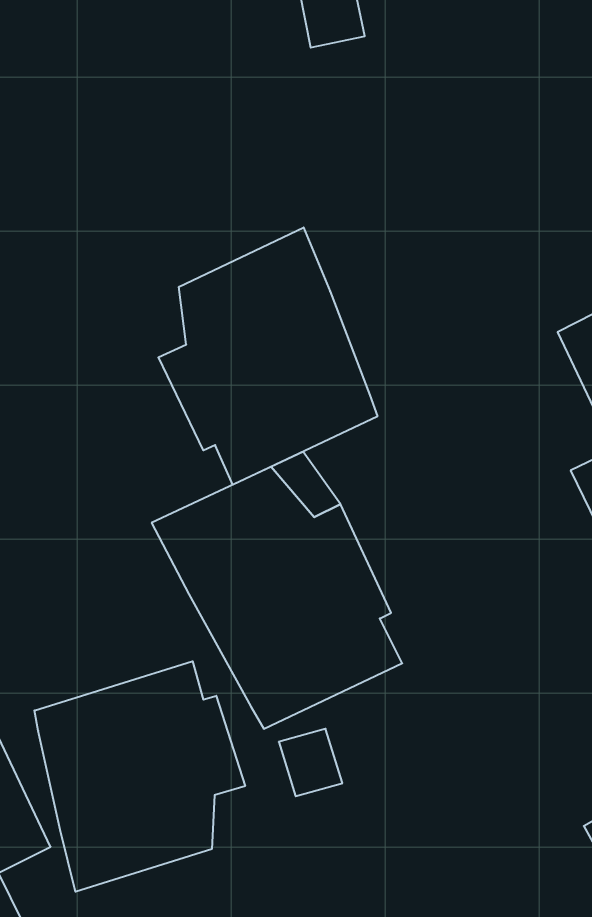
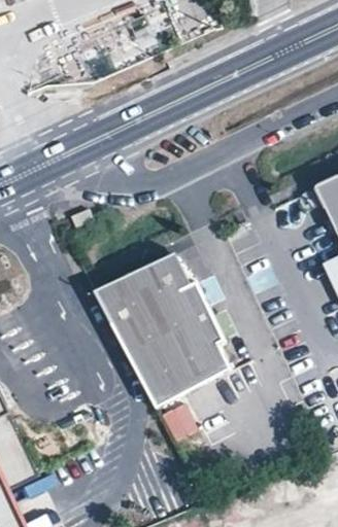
building: [158,227,377,485] -> none
building: [34,661,245,892] -> none

